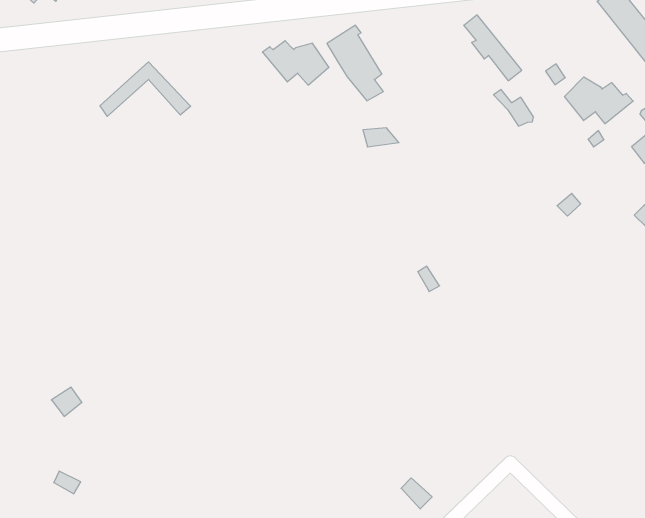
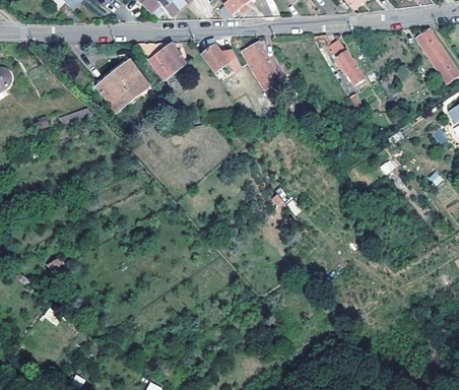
building: none -> [134,42,186,76]
building: [565,77,633,124] -> none
building: none -> [97,64,144,110]

